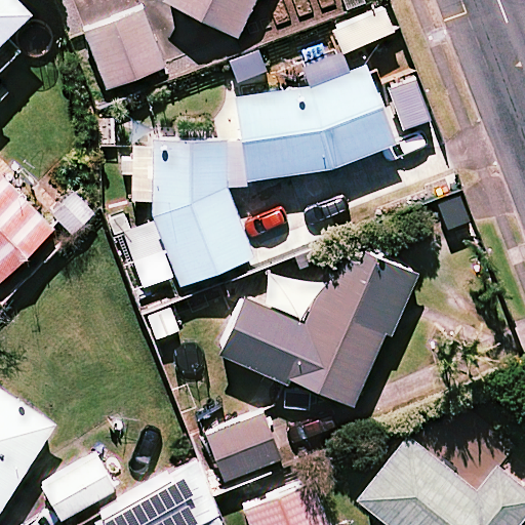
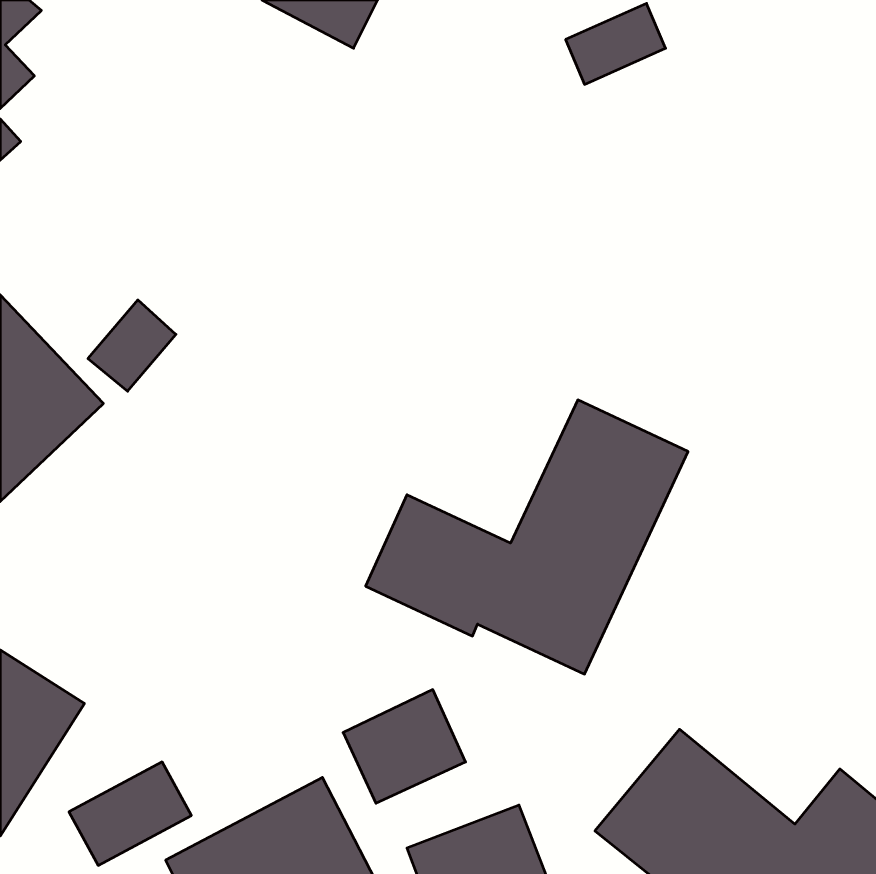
building: [85,8,166,89] -> none
building: [234,73,390,181] -> none
building: [125,132,251,282] -> none

